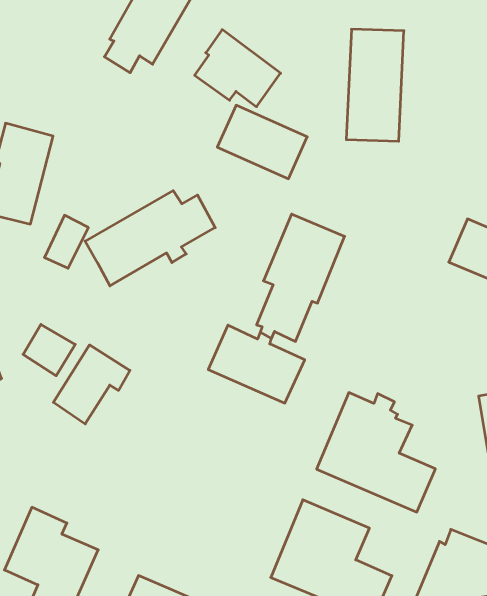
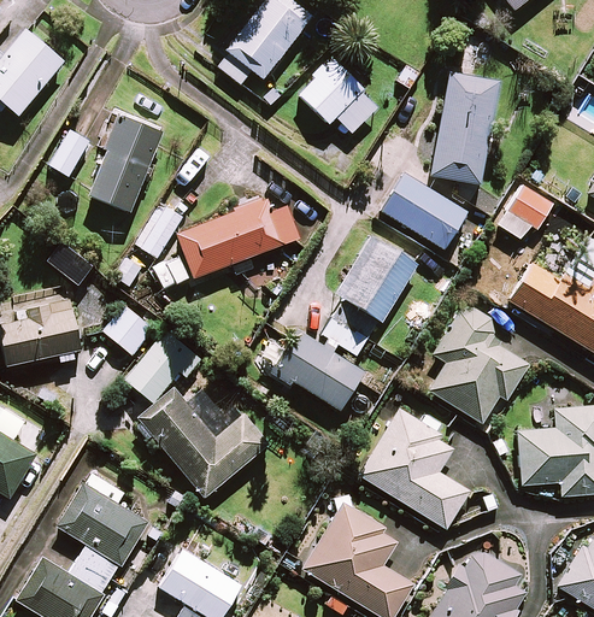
building: [217,105,307,179] -> [381,174,465,248]
building: none -> [498,184,552,239]
building: none -> [429,308,527,423]
building: none -> [139,389,269,496]

